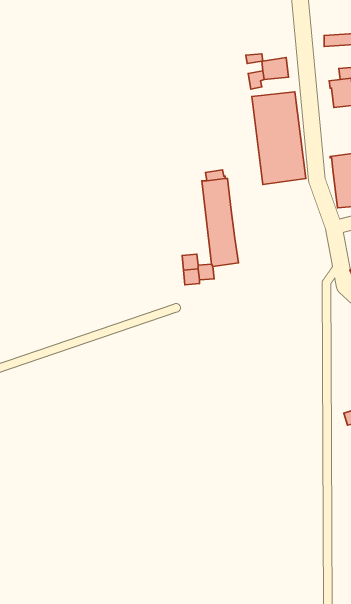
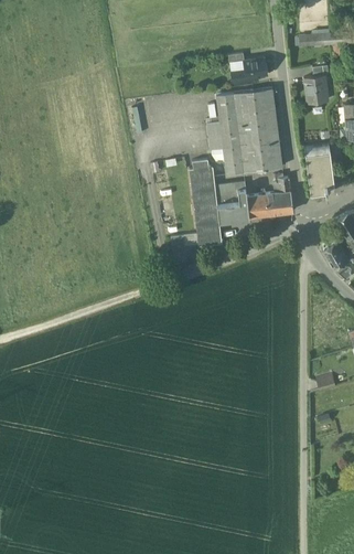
building: none -> [206,93,244,174]
building: none -> [215,178,292,221]

